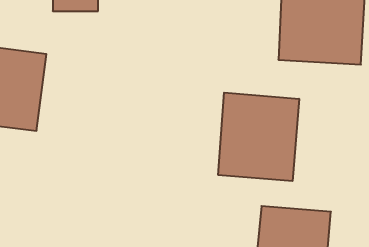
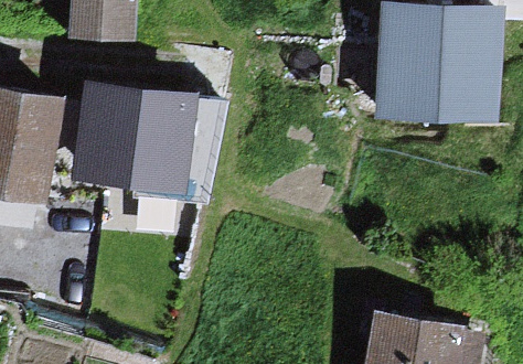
building: none -> [75,88,220,200]
building: [218,93,299,181] -> none

